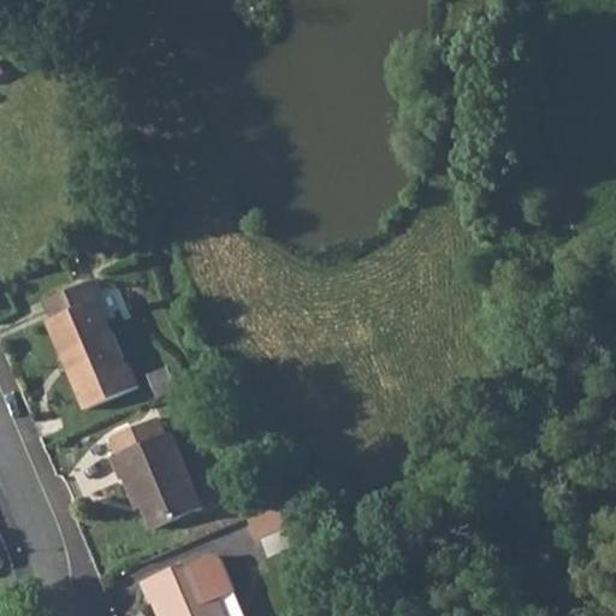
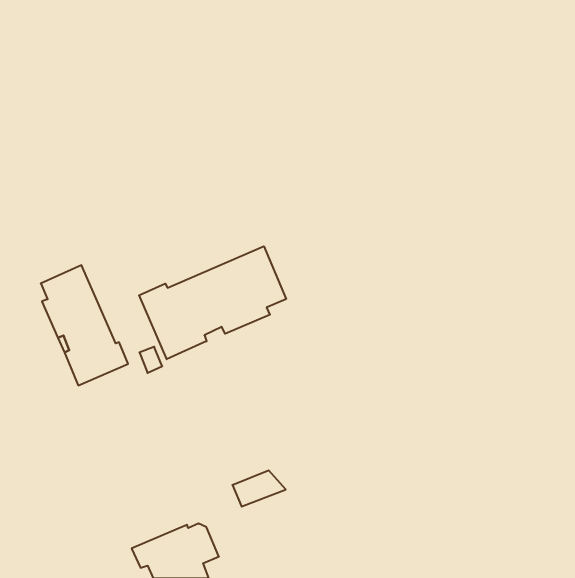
building: none -> [139,246,286,359]
building: [107,417,201,528] -> none

